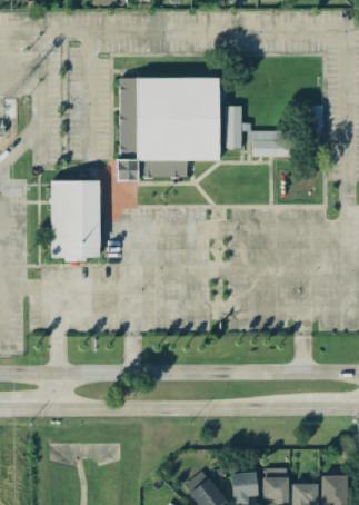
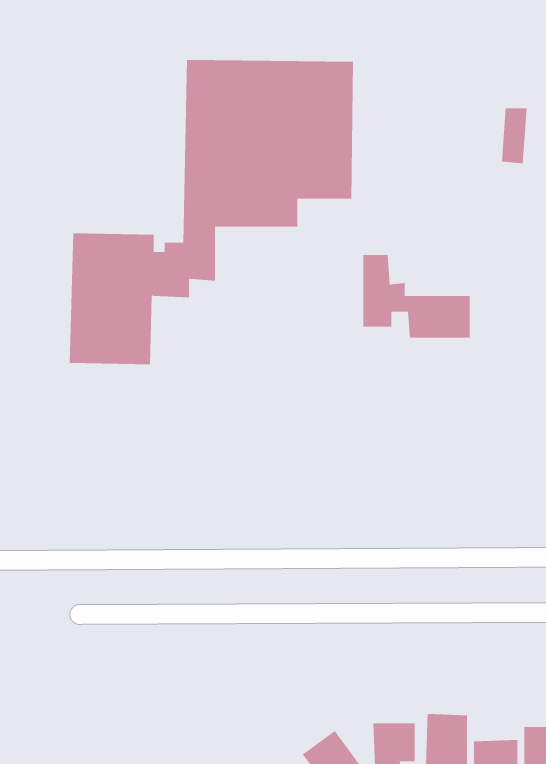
building: [226,106,290,156] -> [362,254,471,338]

